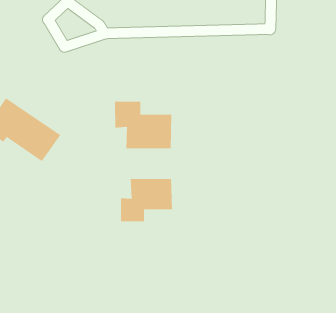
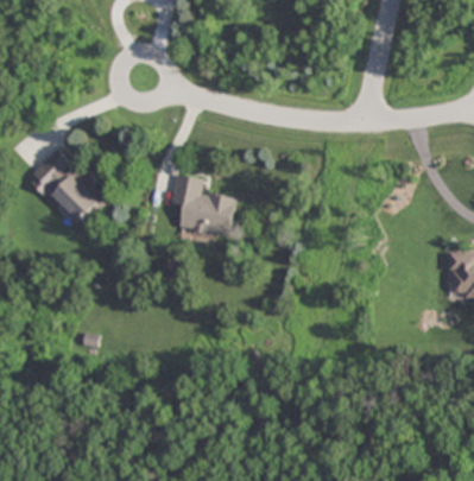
building: [121,178,172,222] -> none

